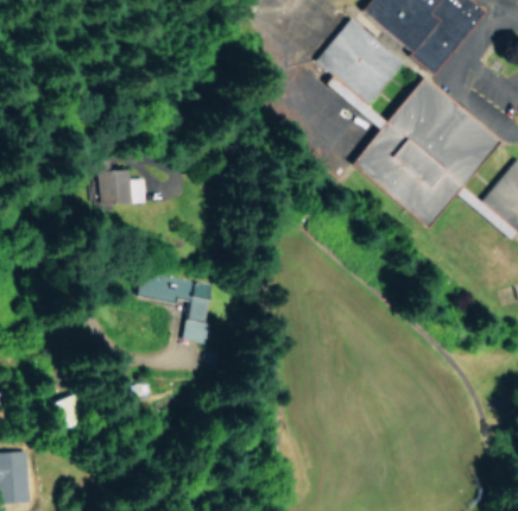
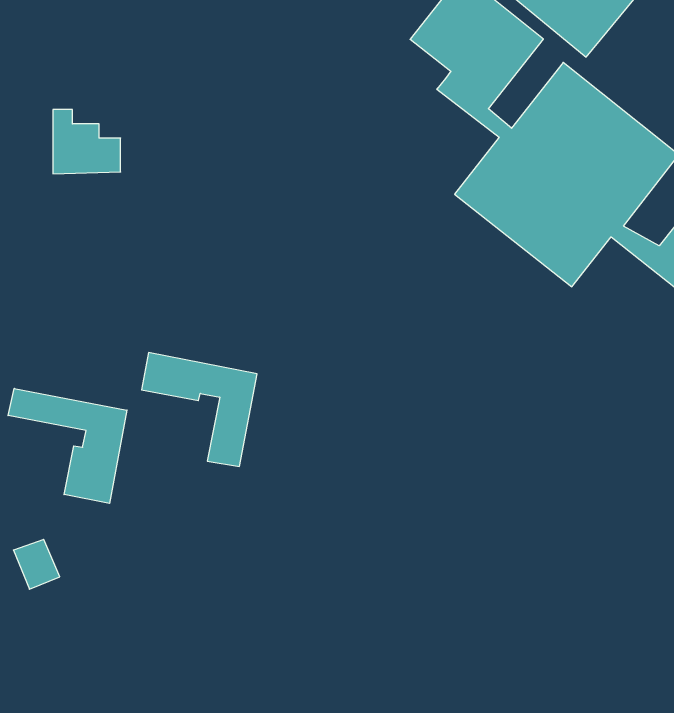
building: [100,159,145,202] -> [53,110,121,174]
building: none -> [8,388,127,503]

